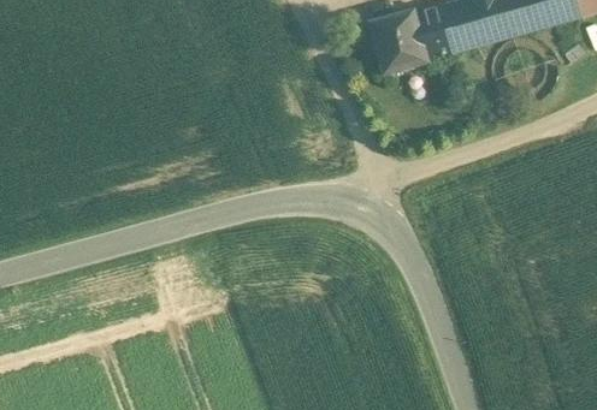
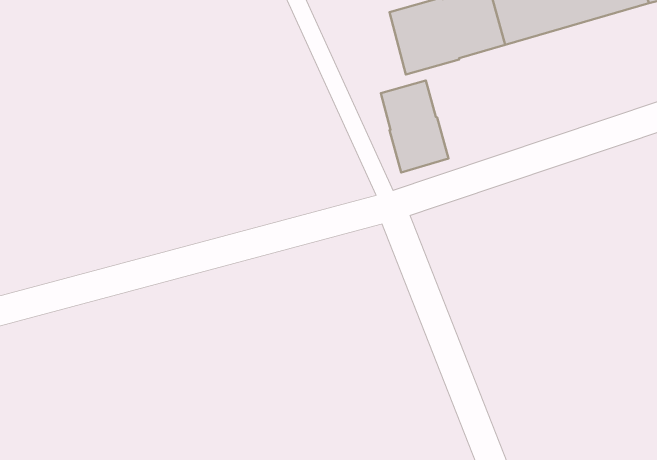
building: none -> [381,80,448,173]

